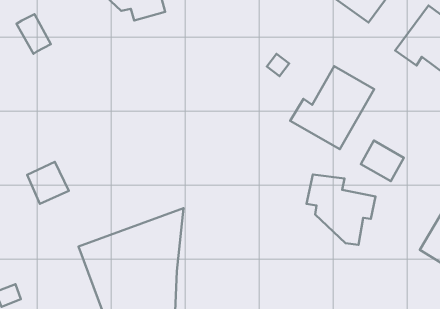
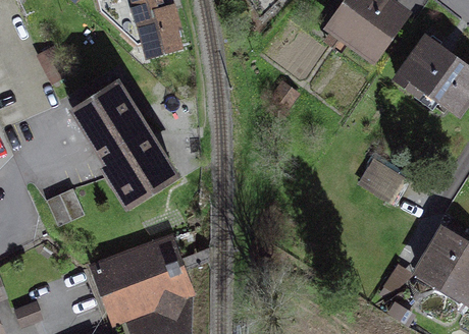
building: none -> [80,82,174,204]
building: [290,66,374,149] -> none
building: [306,175,376,245] -> none

